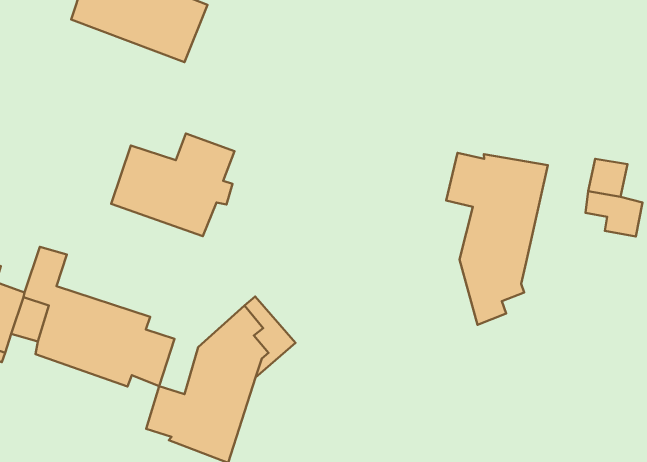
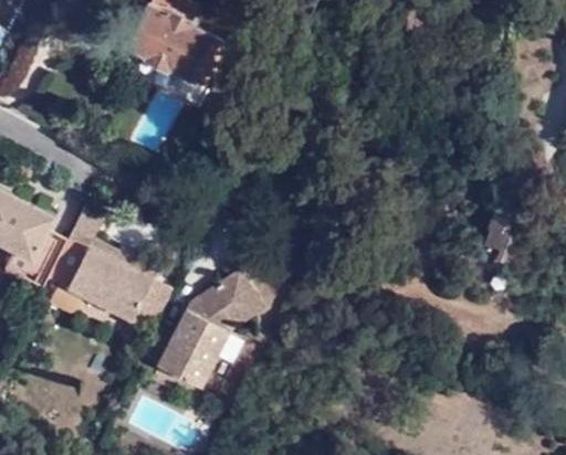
building: [111,133,235,236] -> none
building: [446,153,548,325] -> none

